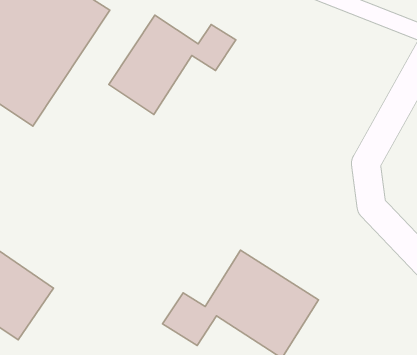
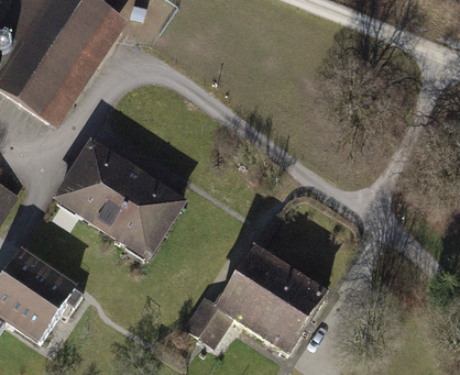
building: [109,15,236,115] -> none
building: none -> [53,142,186,261]

